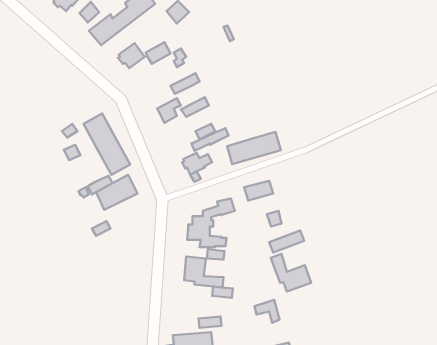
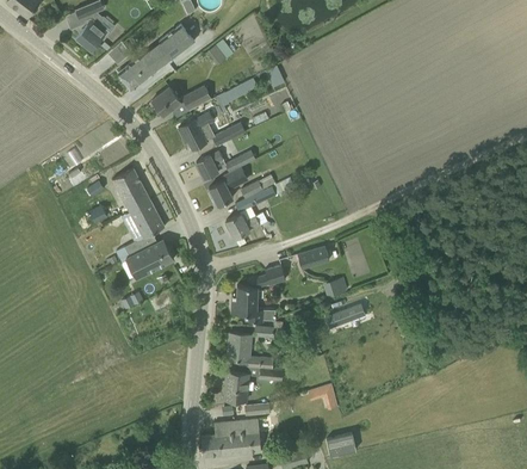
building: none -> [178,112,213,150]
building: none -> [209,171,240,205]
building: [227,132,281,164] -> none
building: [271,254,311,291] -> none
building: none -> [222,370,249,402]

